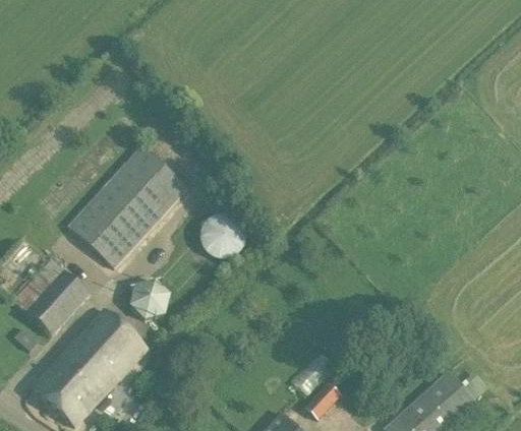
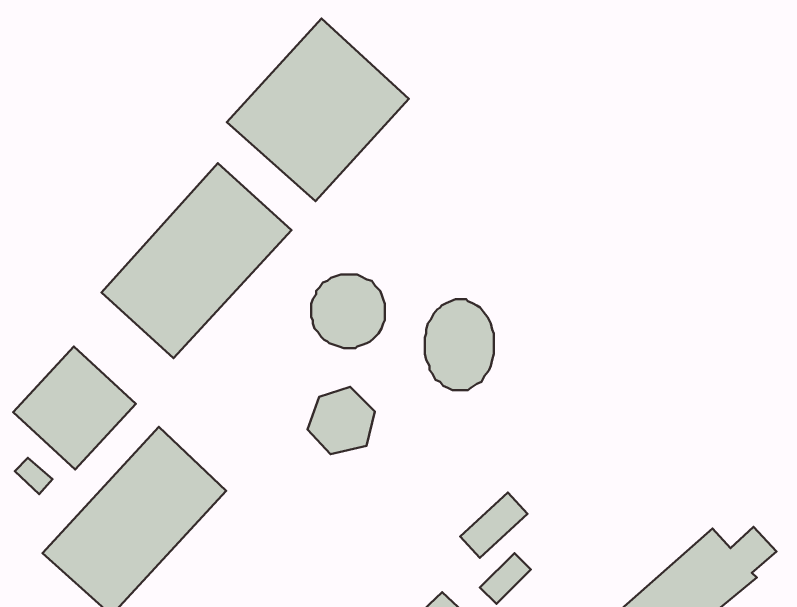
building: none -> [227,18,409,201]
building: none -> [425,299,494,390]
building: [129,279,171,320] -> [308,387,375,454]

